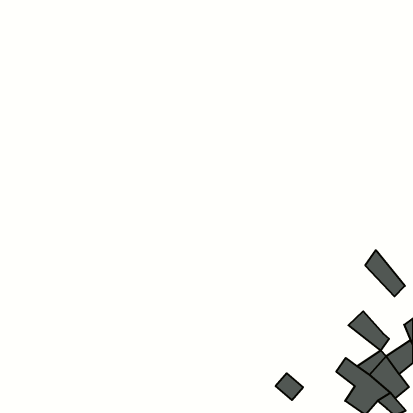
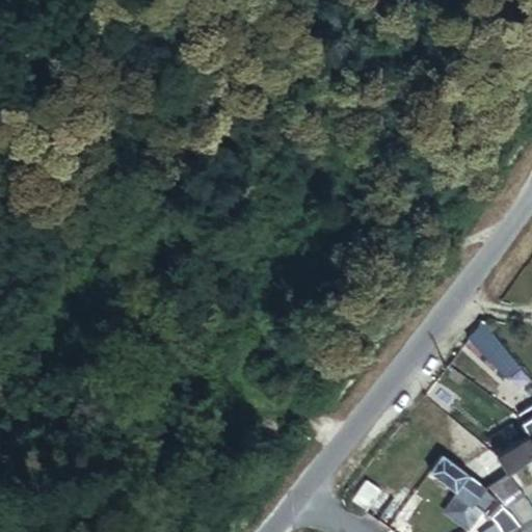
building: [348,311,389,351] -> none

